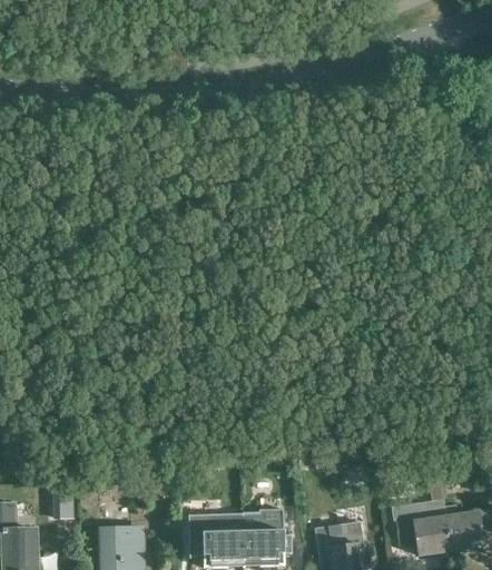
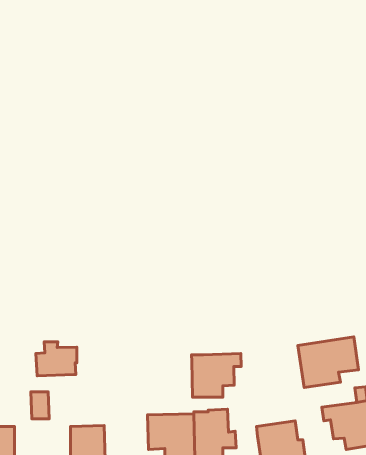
building: none -> [298,337,358,388]
building: none -> [36,342,77,376]
building: none -> [192,354,241,397]

